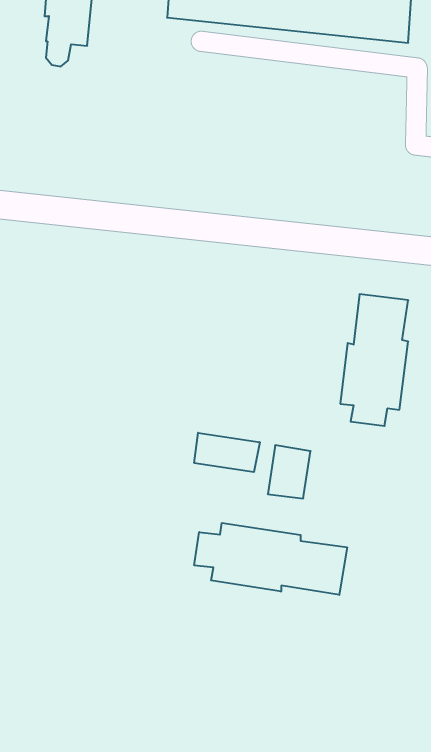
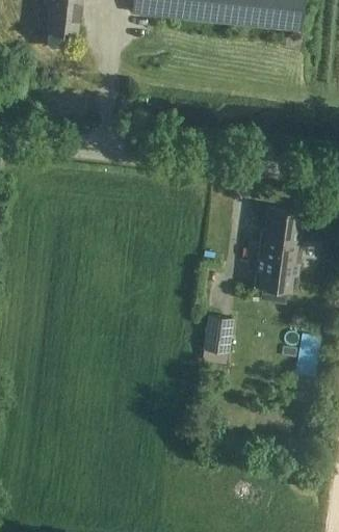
building: [194,433,260,472] -> none
building: [194,523,347,595] -> none

